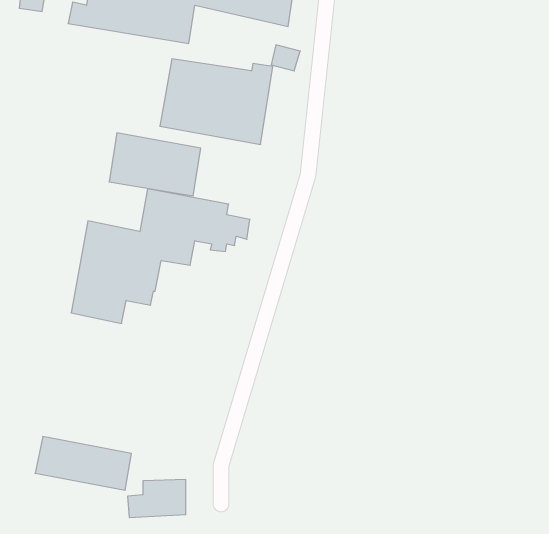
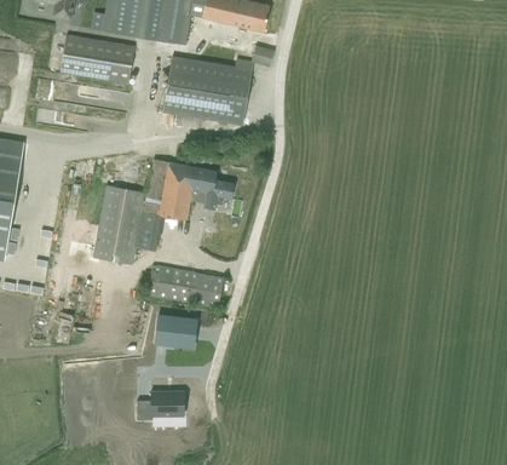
building: [109,133,201,196] -> [61,34,133,84]
building: none -> [152,315,196,349]
building: [35,437,131,490] -> [146,264,223,306]

